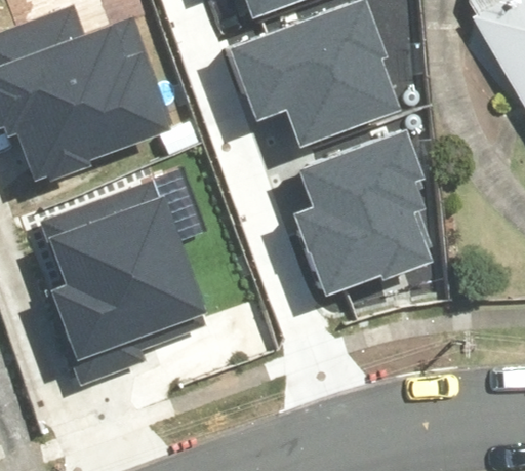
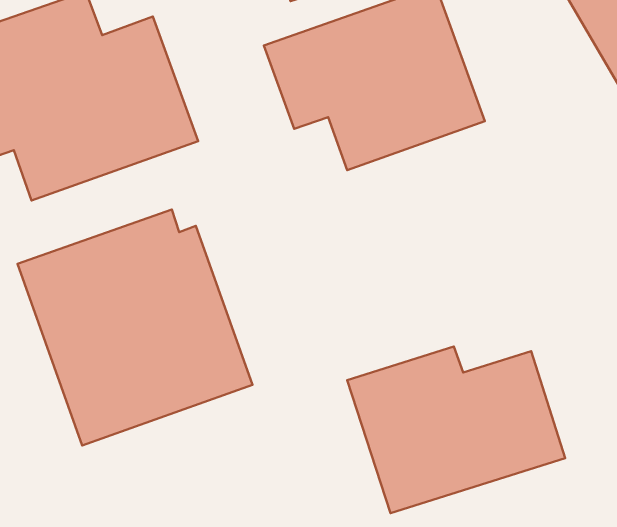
building: [289,132,446,299] -> none
building: none -> [347,347,565,513]

